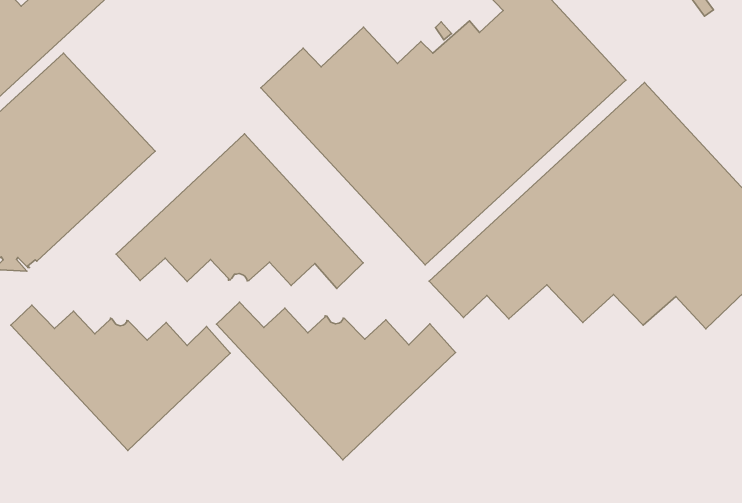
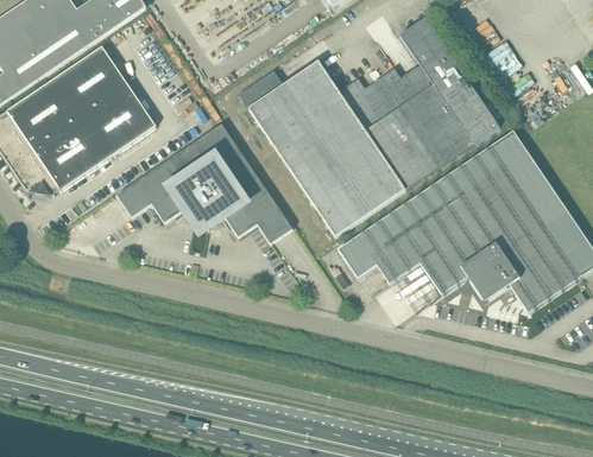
building: [216,302,456,460] -> none
building: [11,305,230,451] -> none

